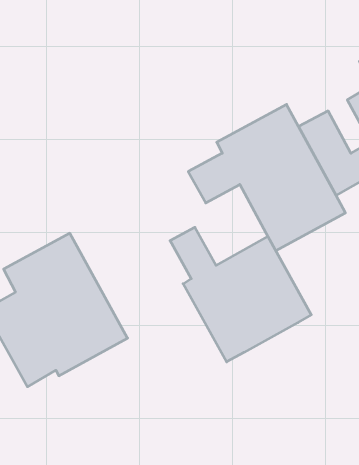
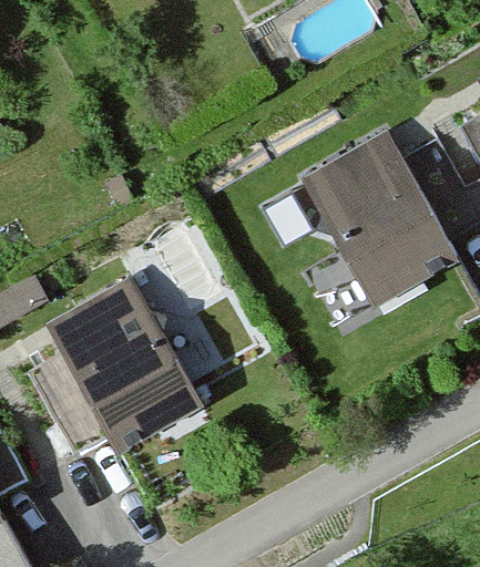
building: [170,227,311,362] -> none

